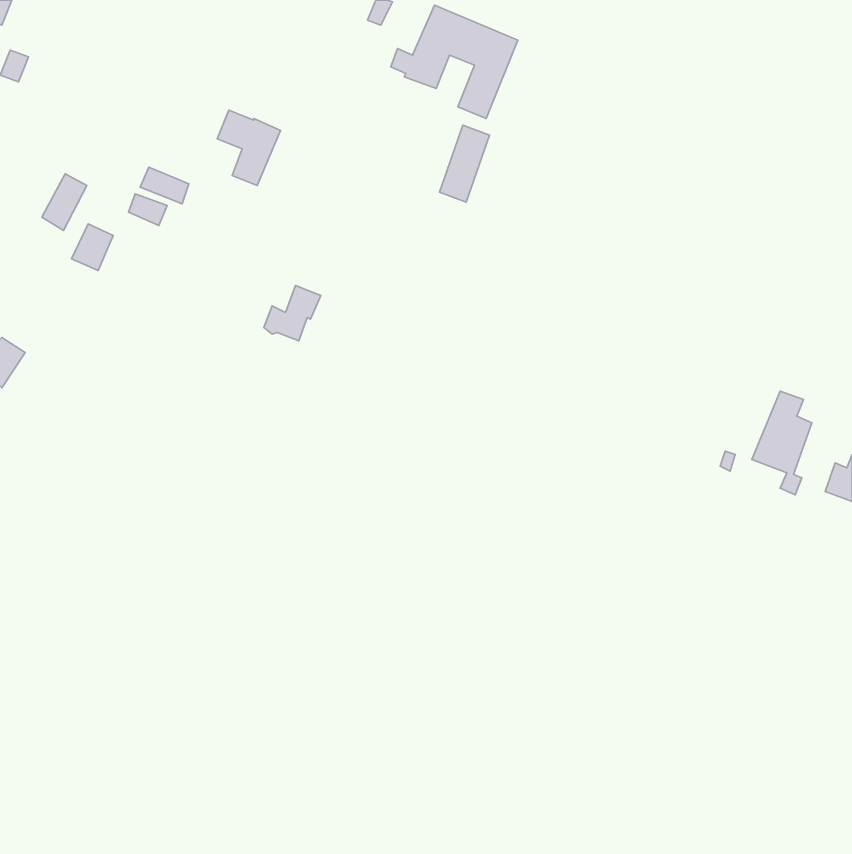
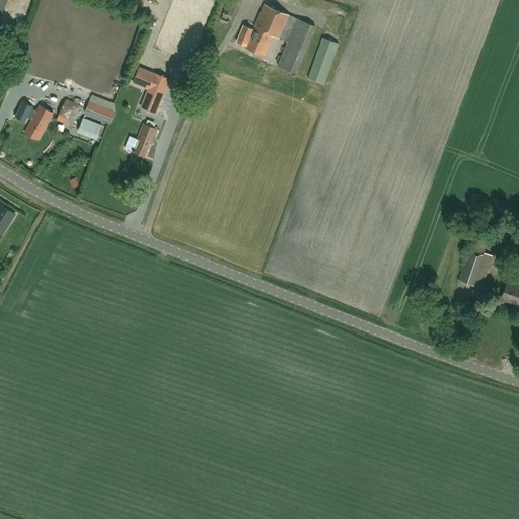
building: [439,125,490,202] -> [308,36,339,83]
building: [71,224,113,271] -> [56,98,81,127]
building: [264,286,321,341] -> [124,123,158,156]

